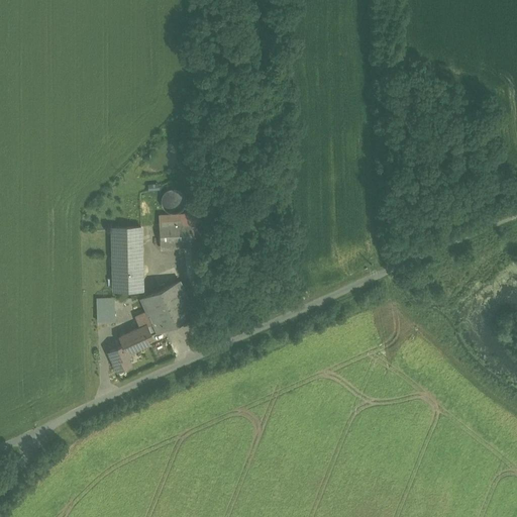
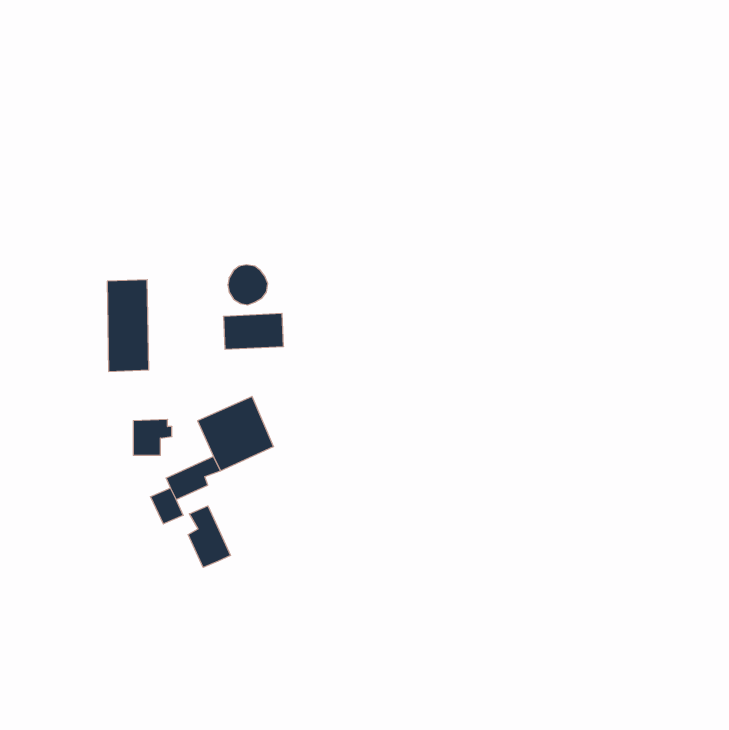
building: [111,227,140,292] -> [107,280,149,371]
building: none -> [188,506,230,567]

